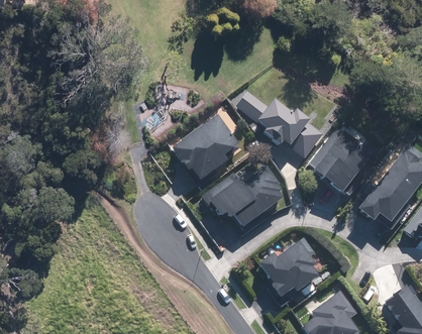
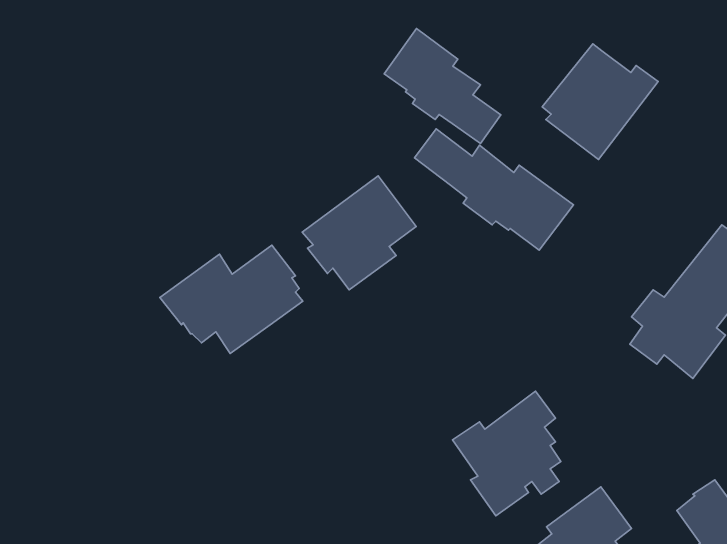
building: none -> [384,29,501,143]
building: [310,128,375,193] -> [542,44,658,159]
building: [203,166,283,227] -> [160,245,303,354]

